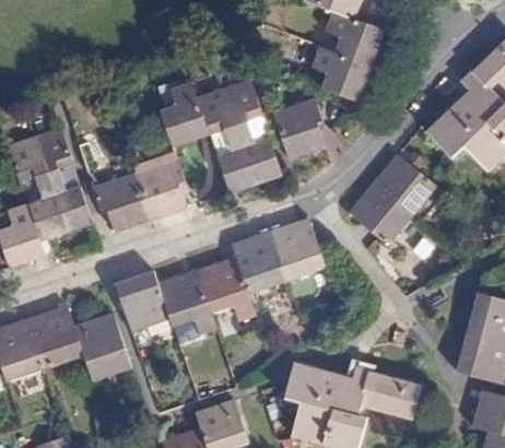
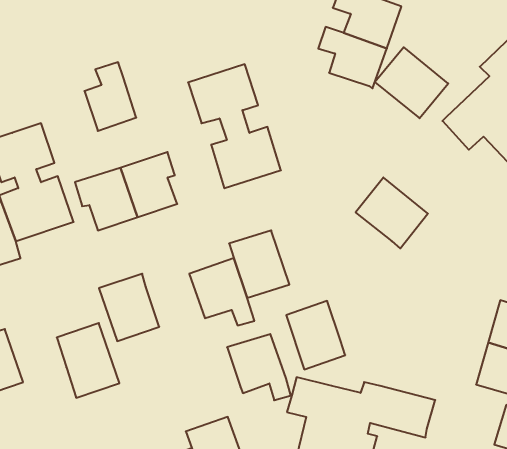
building: [160,83,207,145] -> [84,62,136,131]
building: [271,97,321,157] -> none
building: [372,151,438,215] -> [375,47,448,118]
building: [270,217,324,280] -> [286,301,345,369]
building: [156,270,214,330] -> [227,334,291,400]
building: [28,307,84,368] -> none

